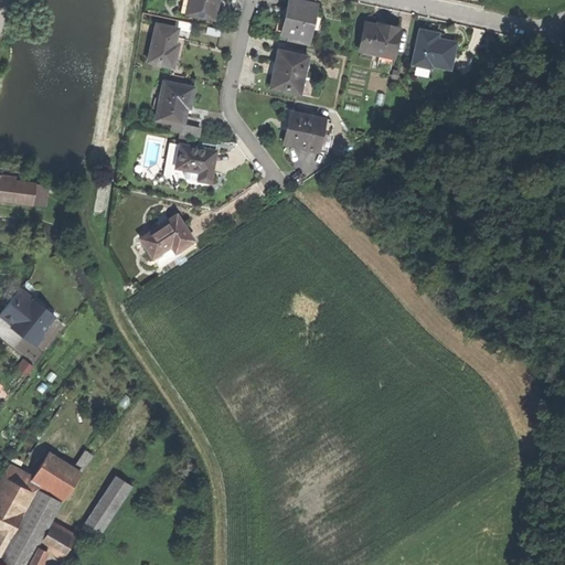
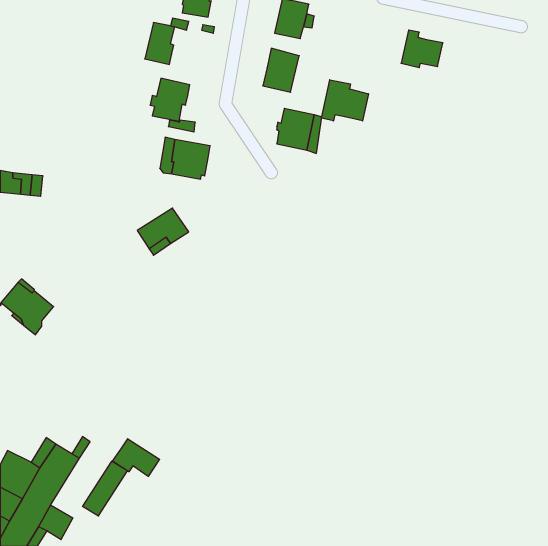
building: [360,24,399,57] -> none
building: none -> [322,80,368,121]
building: none -> [113,439,160,476]

